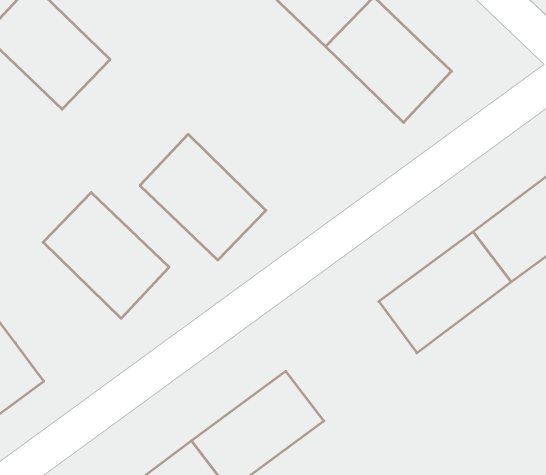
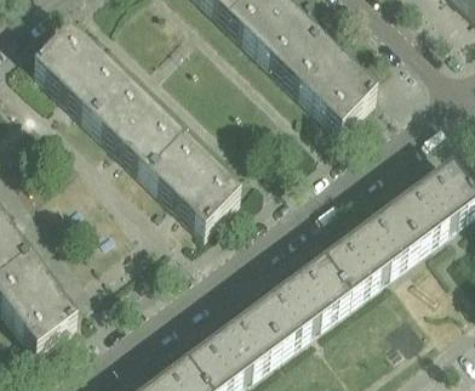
building: [43,192,169,318] -> [90,83,182,175]
building: none -> [253,260,349,347]

